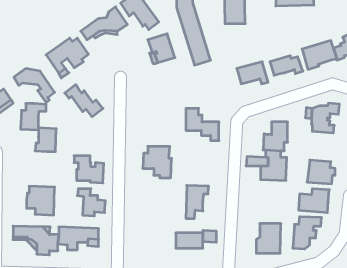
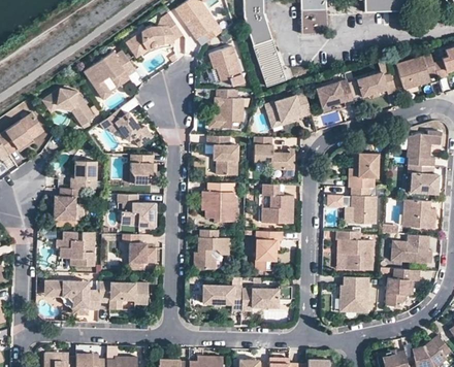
building: none -> [208,90,242,129]
building: none -> [264,93,311,125]
building: [21,104,46,130] -> [54,189,85,221]
building: none -> [205,136,237,176]
building: none -> [130,155,156,185]
building: none -> [407,165,439,195]
building: none -> [262,185,293,225]
building: none -> [194,230,229,270]
building: none -> [335,231,372,270]
building: none -> [201,285,241,310]

